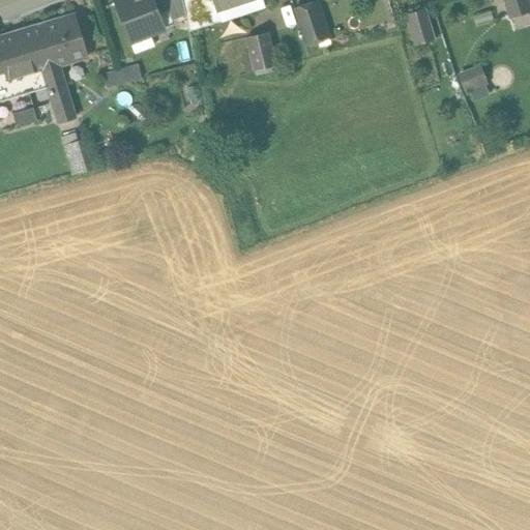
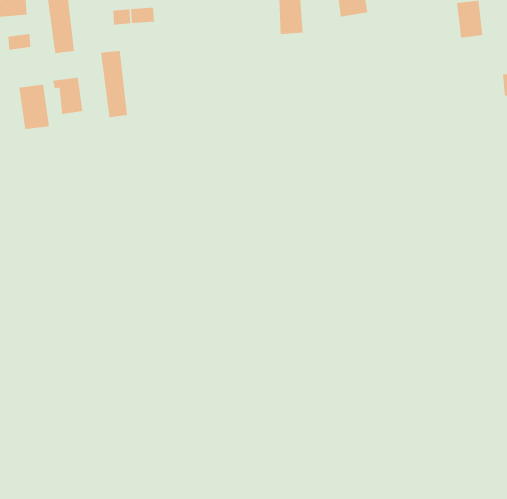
building: none -> [100,50,128,118]
building: none -> [19,84,50,130]

